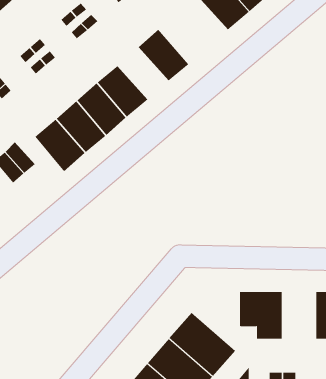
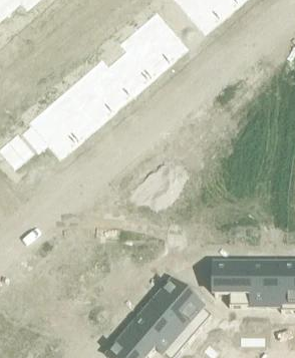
building: none -> [143,15,190,62]
building: none -> [107,47,153,93]
building: none -> [253,263,282,305]

